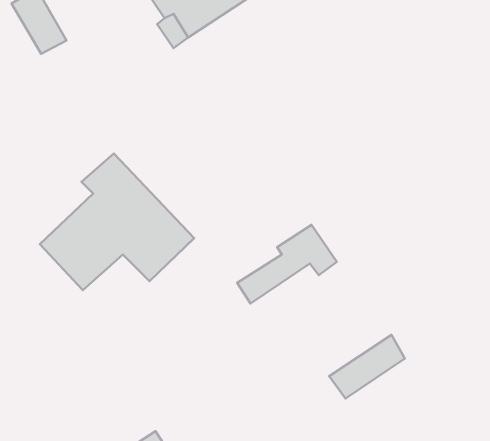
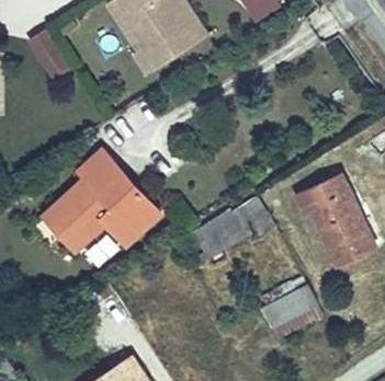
building: none -> [299,188,370,262]

